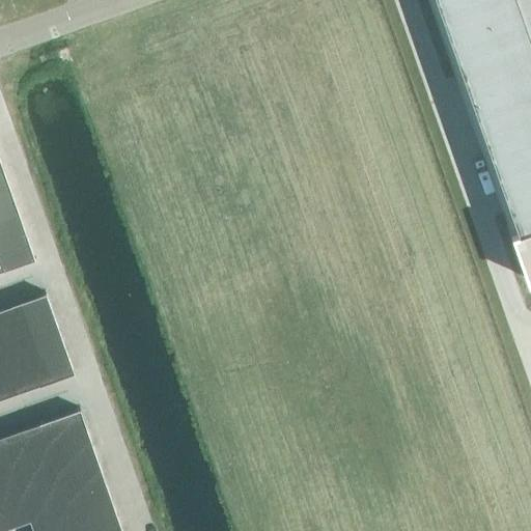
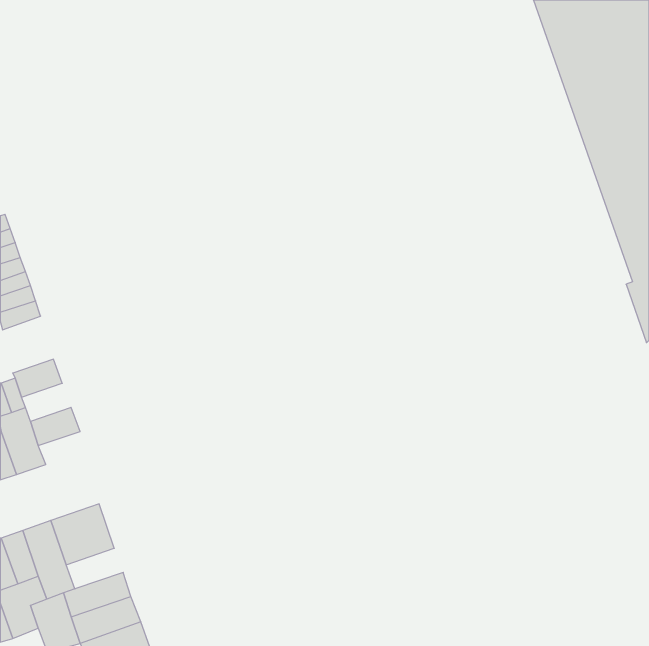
building: [18,315,58,346] -> none
building: [31,355,72,386] -> none
building: [54,450,101,483] -> none

